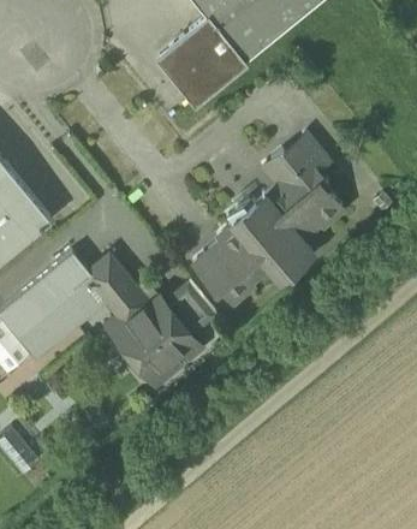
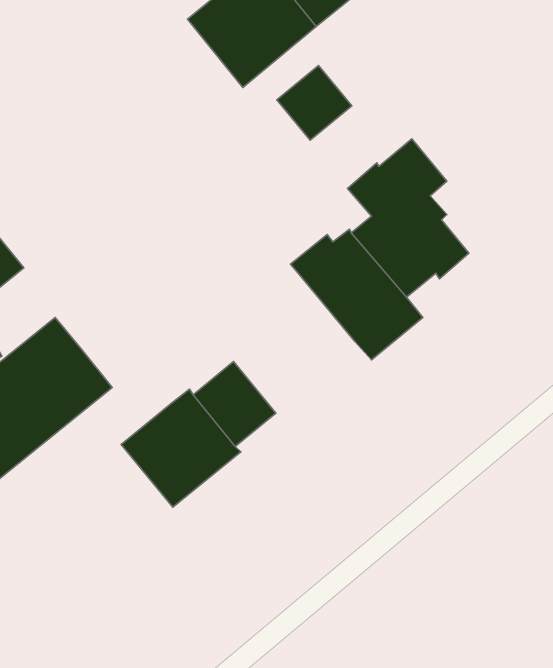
building: none -> [277,65,352,140]
building: [193,227,268,307] -> none
building: [90,262,149,327] -> none

